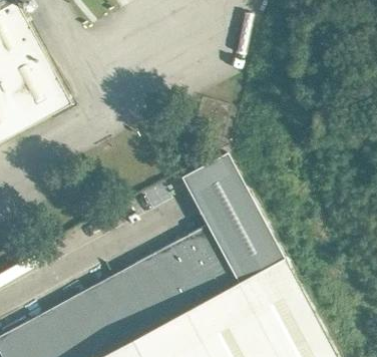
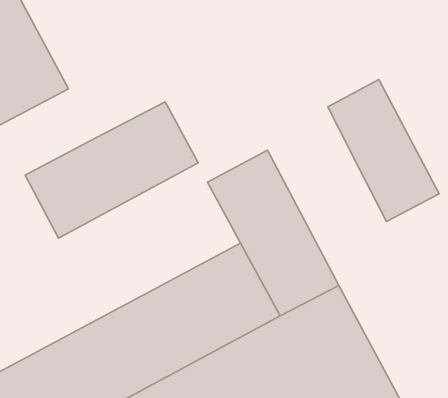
building: none -> [328,79,439,221]
building: none -> [25,102,198,238]

